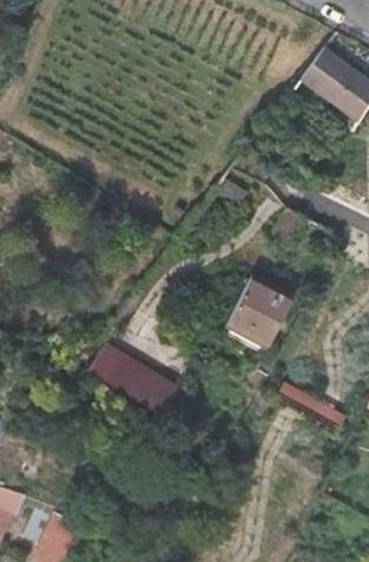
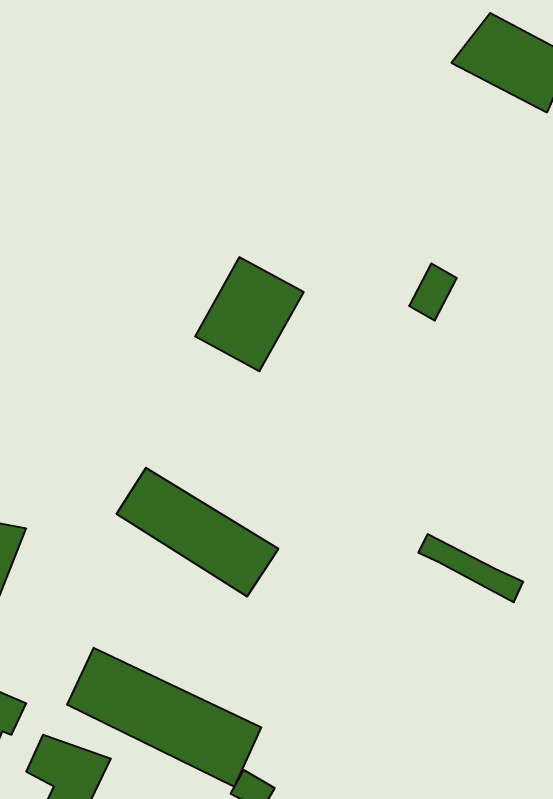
building: [225,277,295,351] -> [195,257,304,371]
building: none -> [67,648,261,787]

